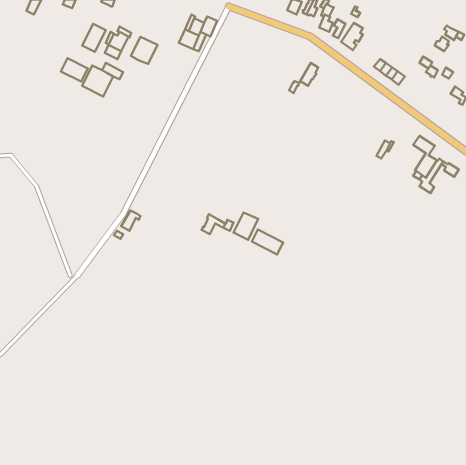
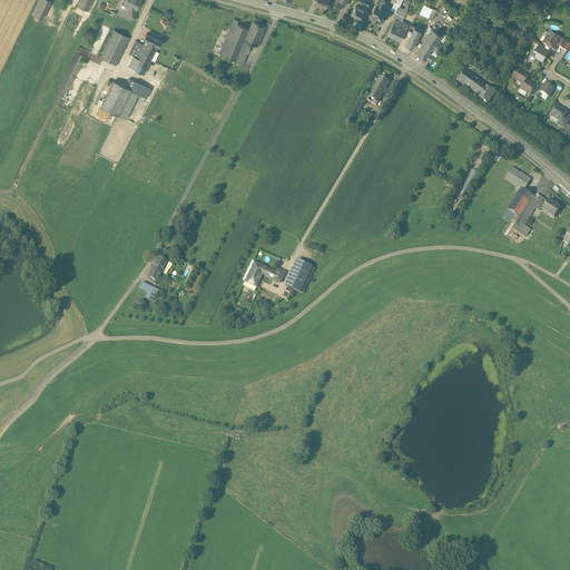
building: [131,37,158,64] -> none
building: [61,58,88,82] -> none
building: [252,230,283,254] -> none

